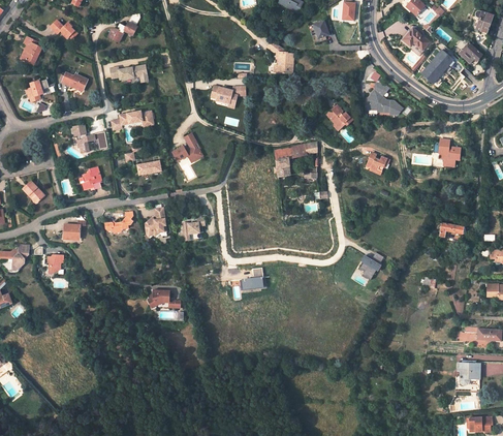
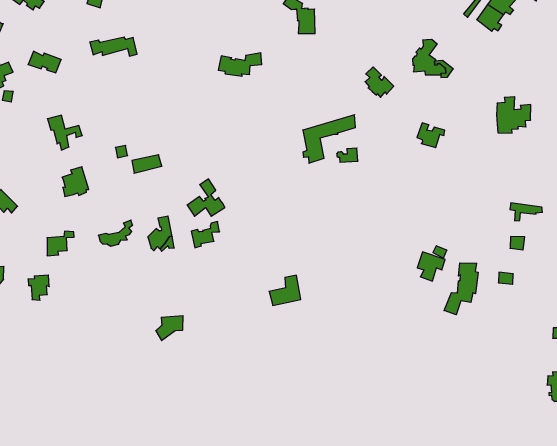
building: [112,111,154,130] -> none
building: [174,132,203,162] -> [187,179,225,216]
building: none -> [444,263,478,315]

